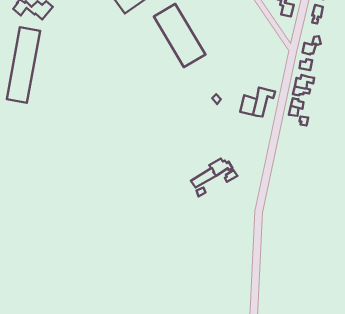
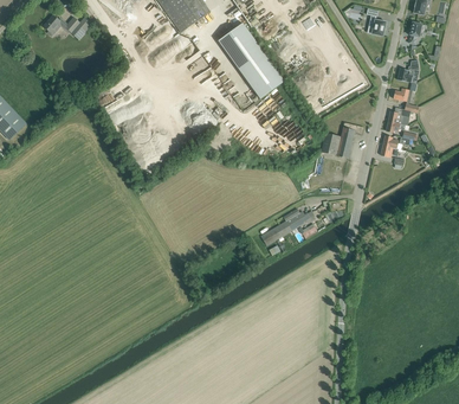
building: [7,27,40,103] -> none

